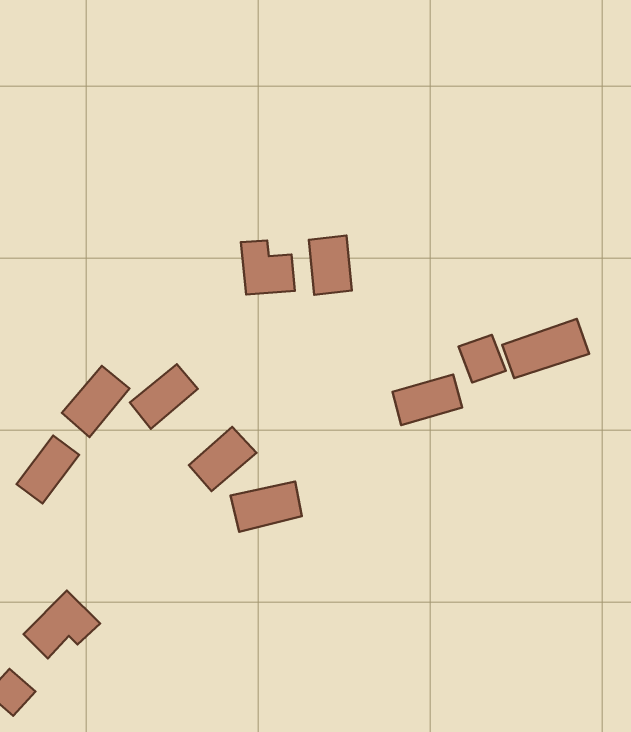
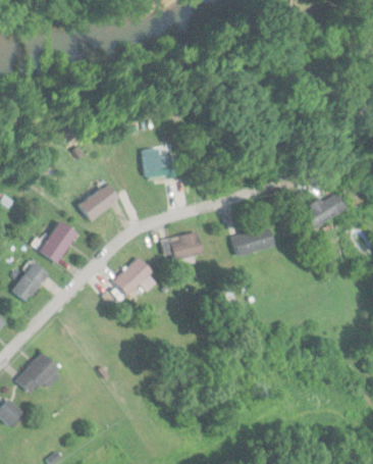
building: [309,236,352,295] -> none
building: [458,335,506,382] -> none
building: [130,364,198,429] -> [79,183,119,220]
building: [231,481,302,532] -> [161,231,203,261]

